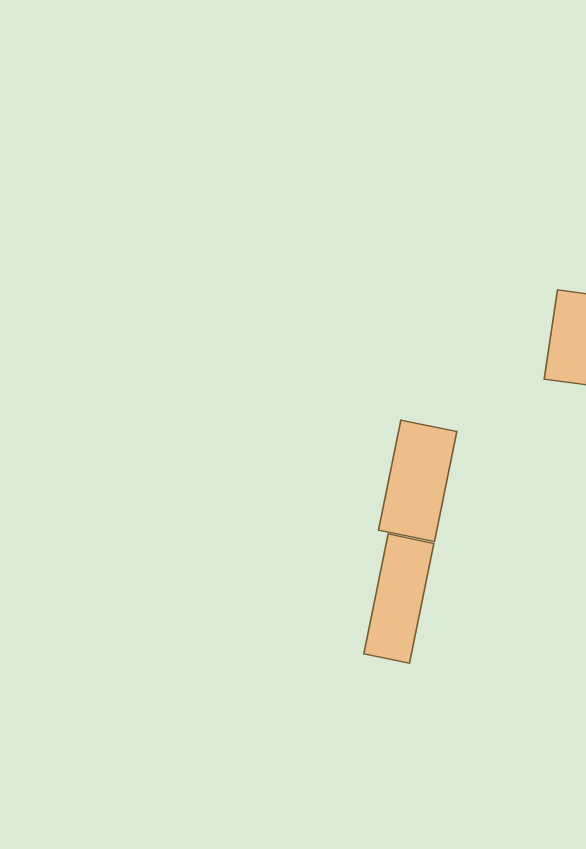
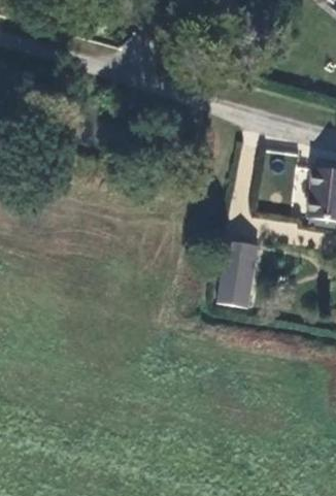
building: [364,534,434,663] -> none

